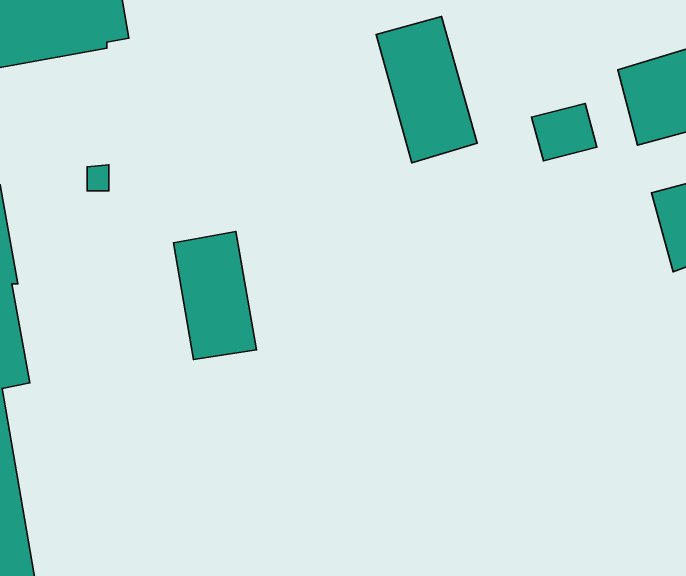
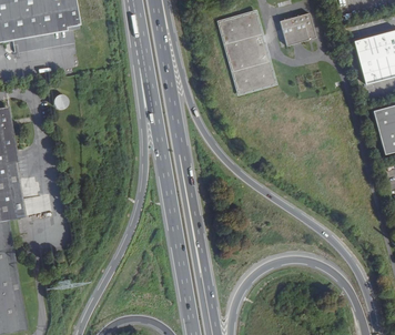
building: [532,103,597,161] -> [280,13,316,45]
building: [173,231,257,359] -> none

